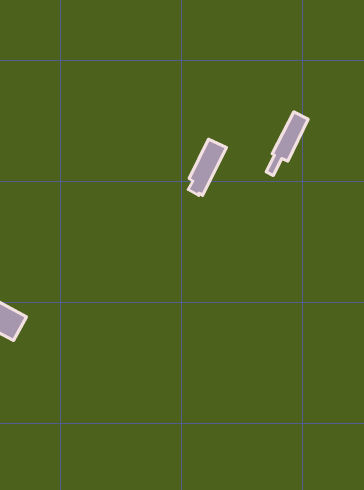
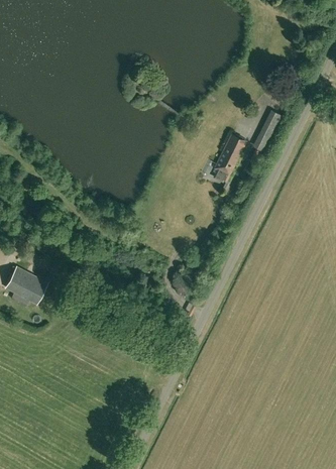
building: [188,139,226,195] -> [212,135,244,183]

